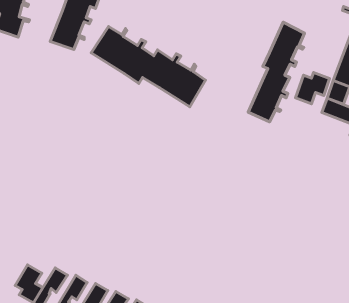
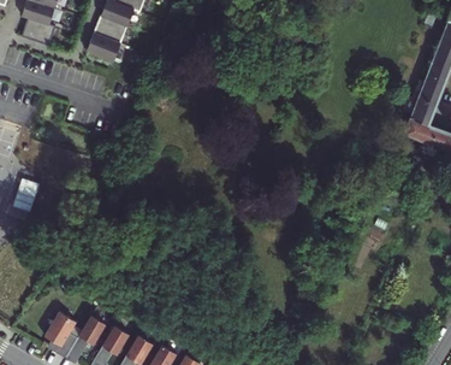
building: [248,22,304,122] -> none
building: [91,27,206,107] -> none
building: [295,73,330,104] -> none

